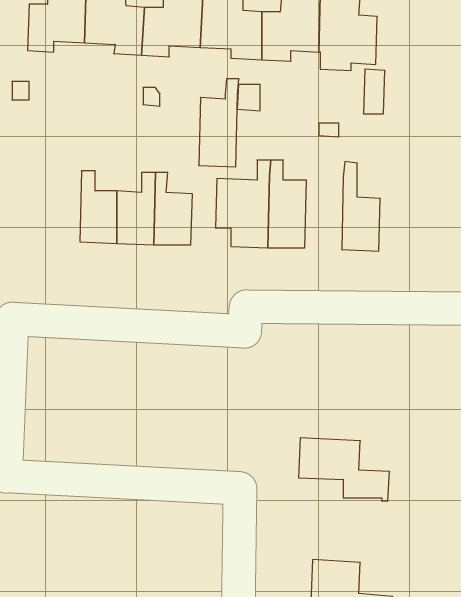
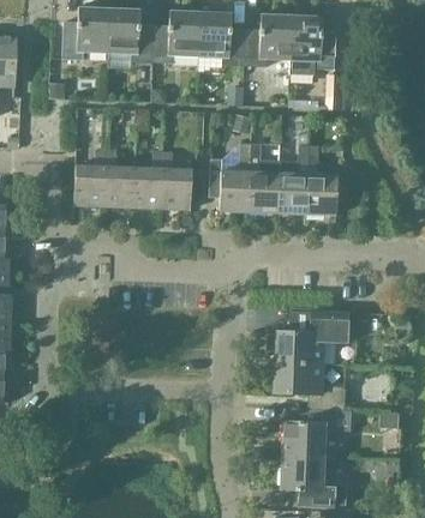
building: [199,79,239,167] -> [277,145,309,213]
building: none -> [72,152,103,207]
building: none -> [267,318,346,362]
building: none -> [283,406,351,457]

